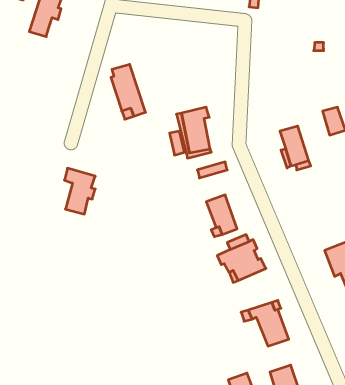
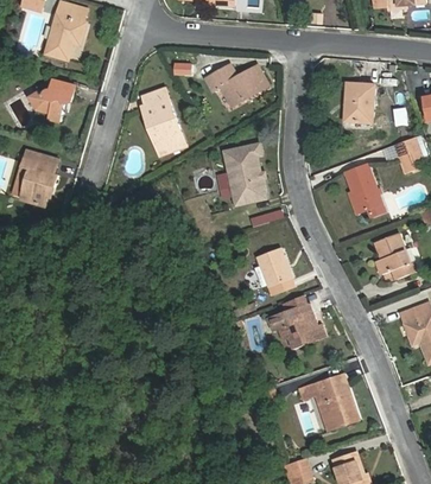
building: none -> [204,66,267,107]
building: none -> [28,81,75,121]
building: none -> [343,87,370,125]
building: [64,168,95,214] -> [21,152,58,206]
building: none -> [375,235,416,278]

